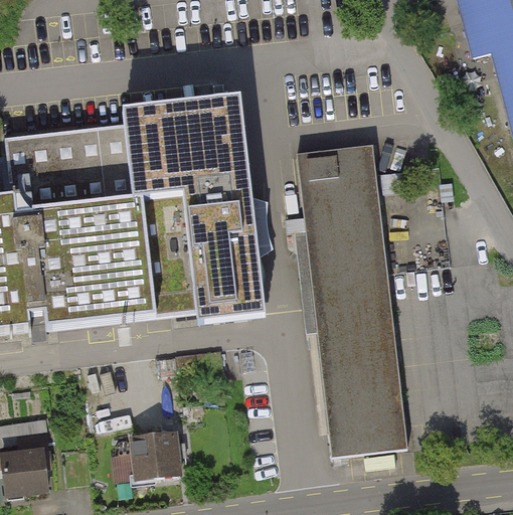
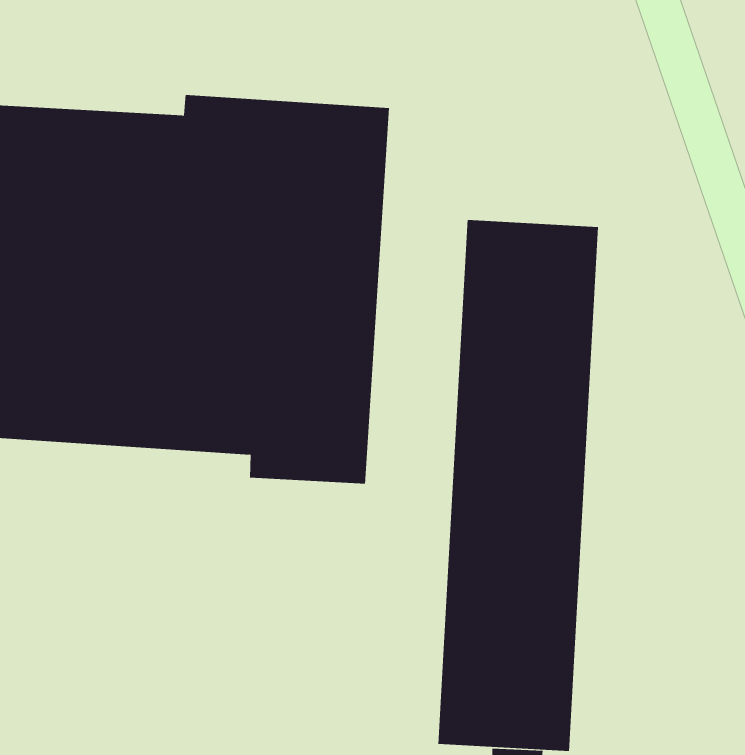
building: [128,426,178,476] -> none

